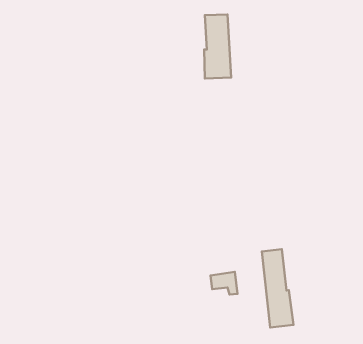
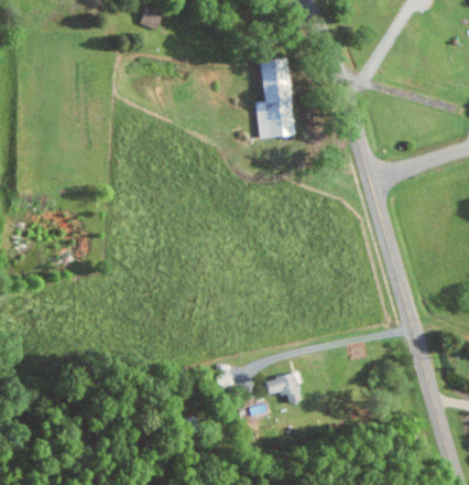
building: [262,249,293,328] -> none

